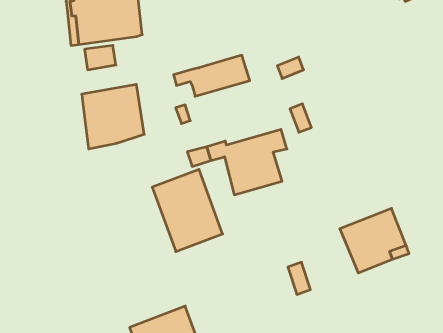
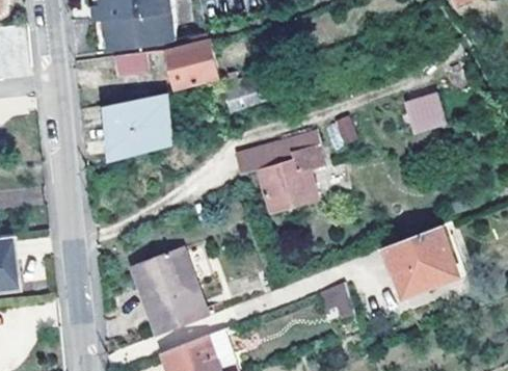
building: none -> [167,37,218,87]
building: none -> [400,91,444,135]
building: [152,169,223,252] -> [131,247,206,335]

